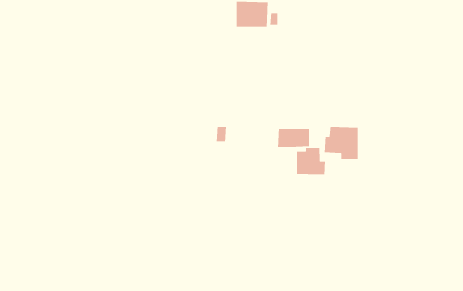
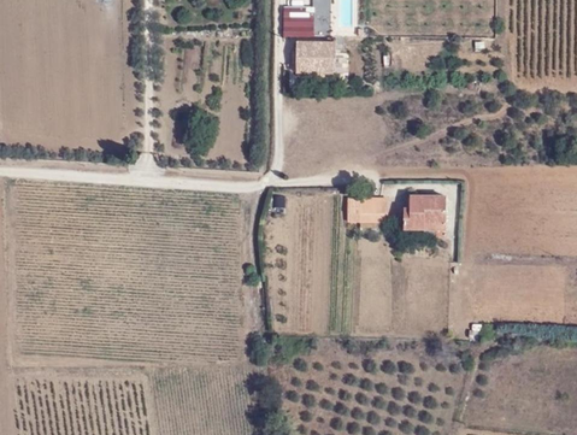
building: [296,147,326,175] -> none

